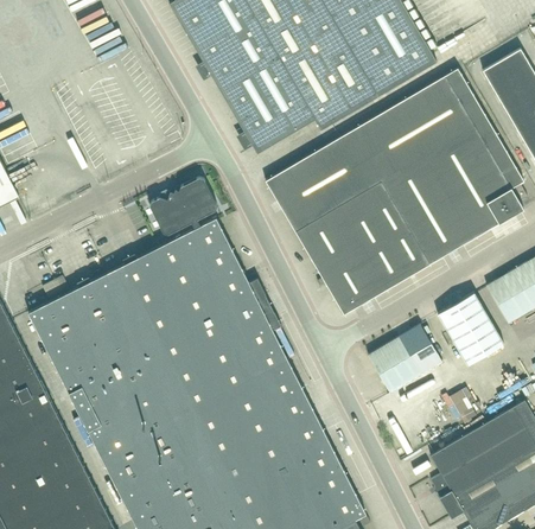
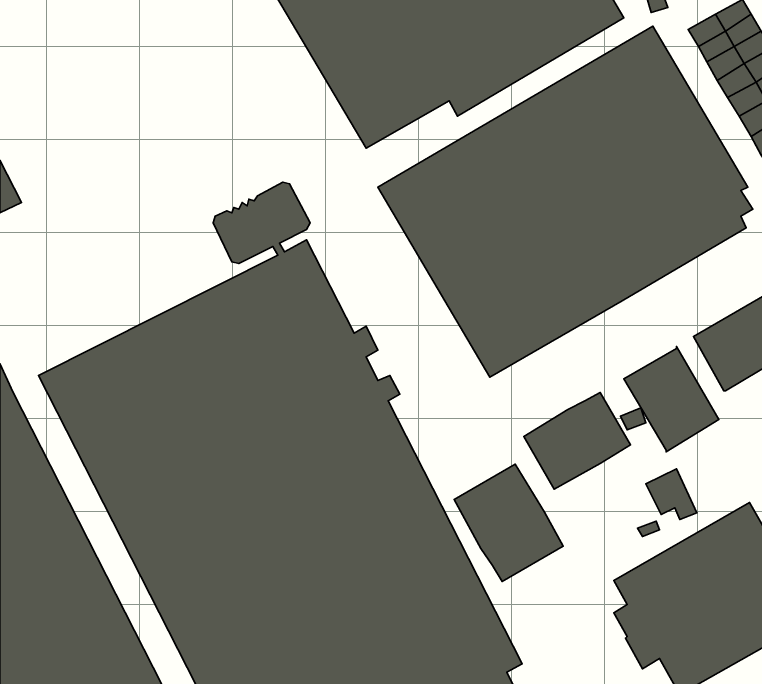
building: none -> [454,464,563,581]

